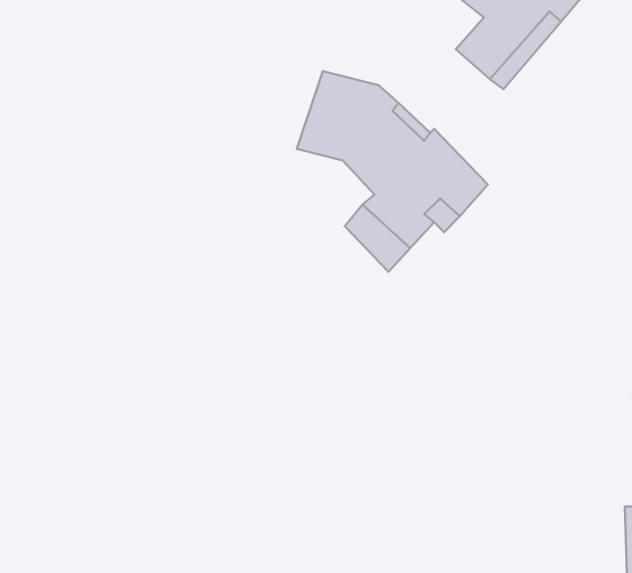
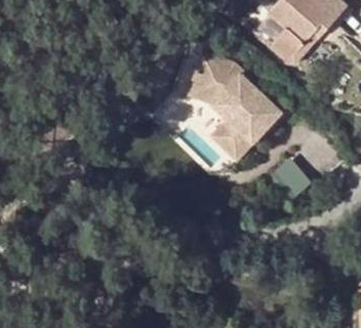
building: none -> [274,159,314,201]

